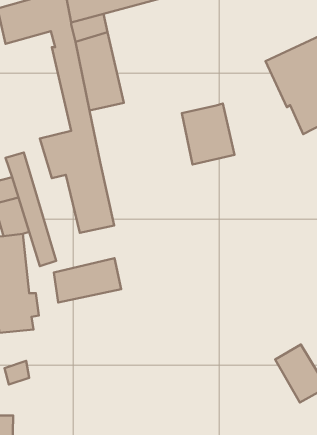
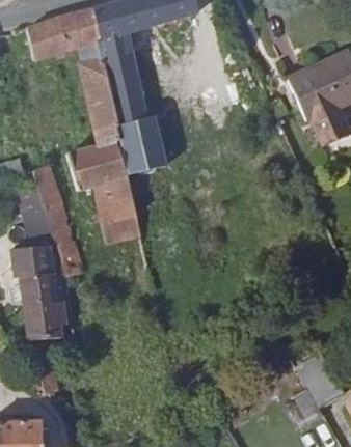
building: [182,103,235,165] -> [115,116,166,175]
building: [54,258,121,302] -> none

